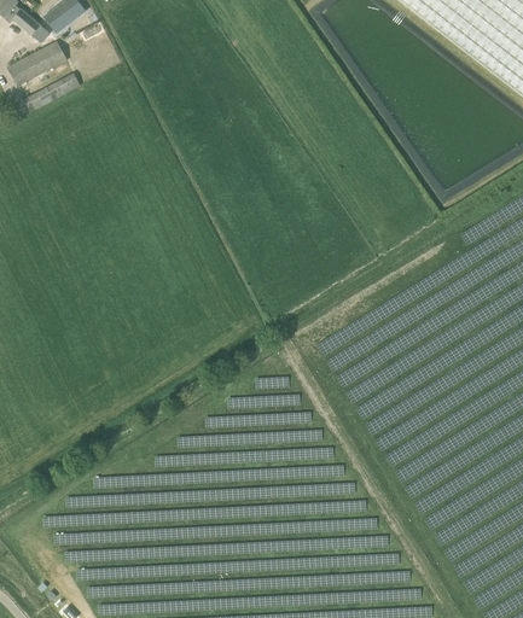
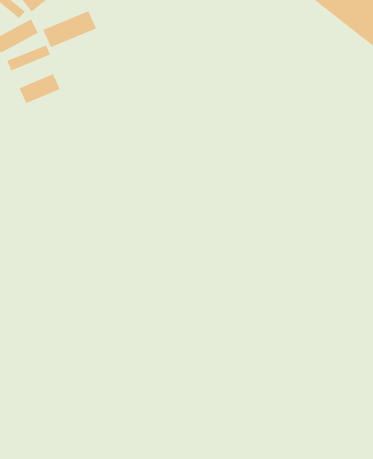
building: none -> [42,10,97,48]
building: none -> [19,73,61,104]

